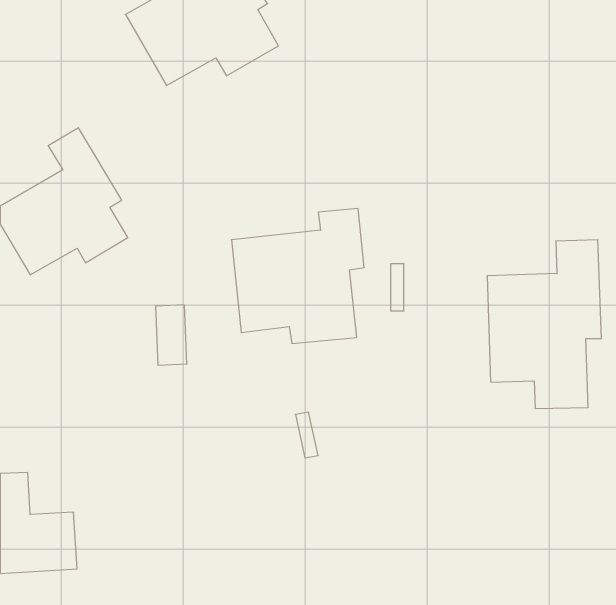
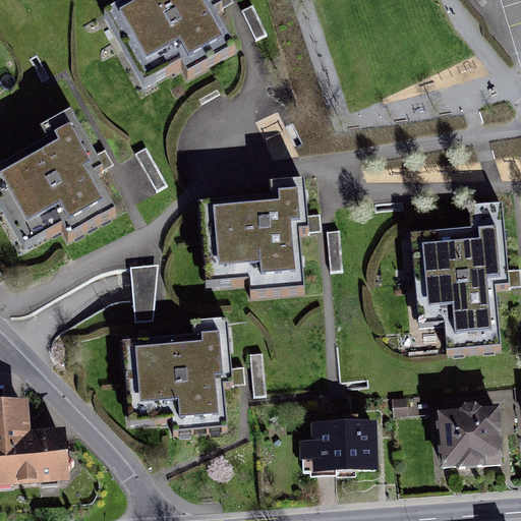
building: none -> [119,314,231,428]
building: none -> [435,406,499,461]
building: none -> [314,418,371,468]

